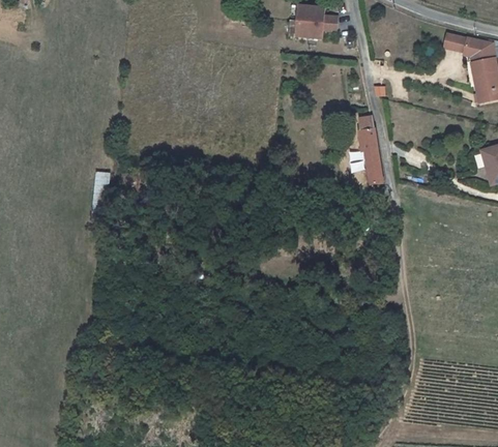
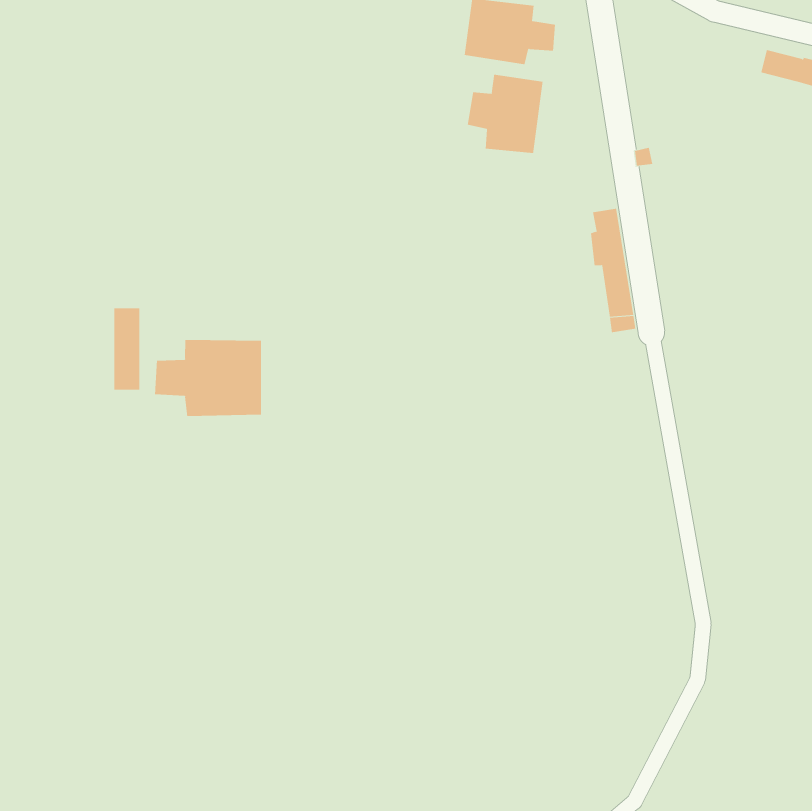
building: none -> [467,74,543,154]
building: none -> [154,339,262,417]

